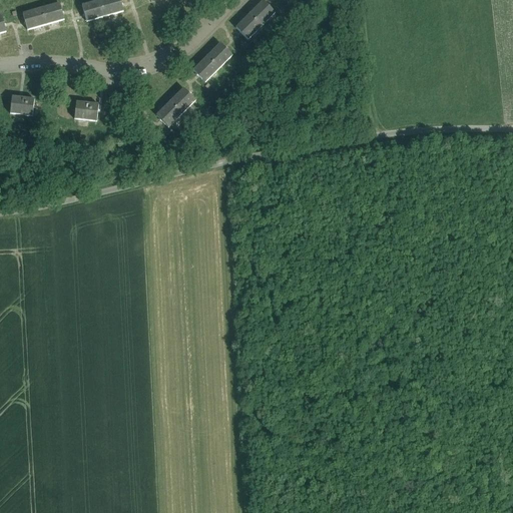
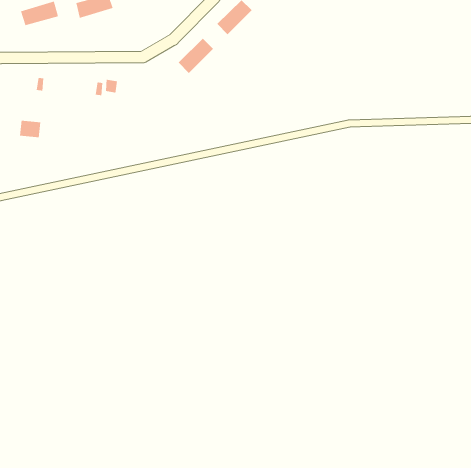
building: [156,87,195,126] -> none
building: [10,95,34,114] -> [19,120,41,138]
building: [74,100,98,120] -> none

